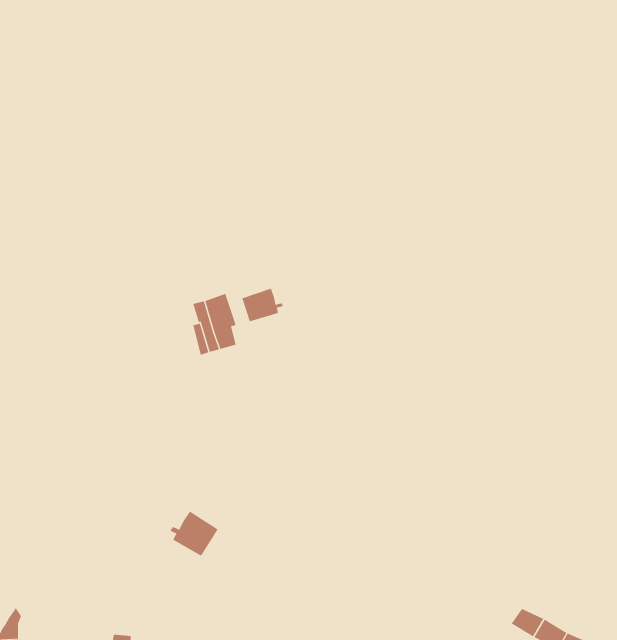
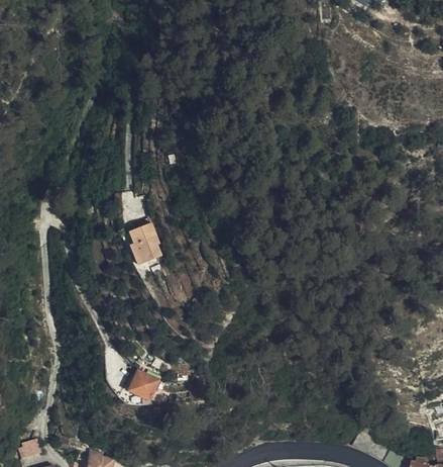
building: [242,288,283,322] -> none

